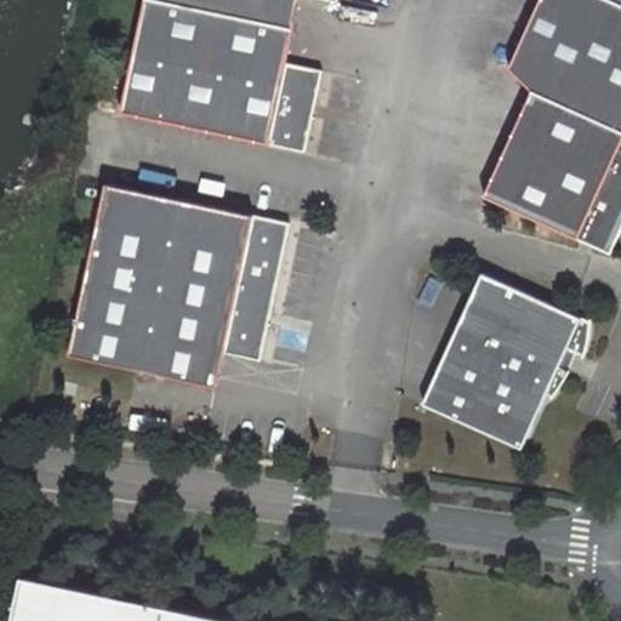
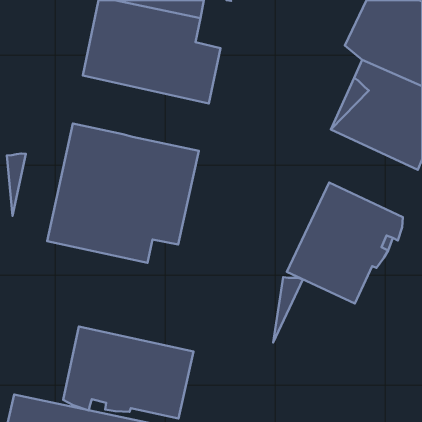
building: none -> [7,153,26,216]
building: none -> [273,277,303,342]
building: none -> [63,327,194,419]

